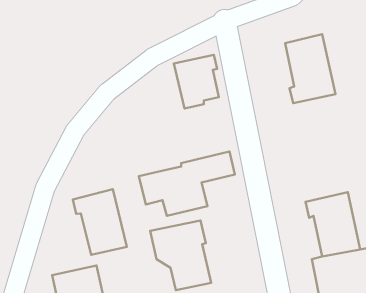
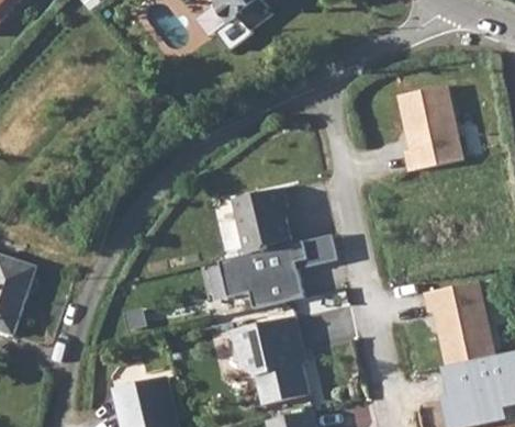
building: [174,55,219,109] -> [233,188,289,255]
building: [73,189,127,255] -> none

